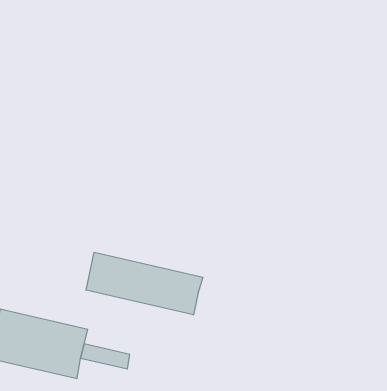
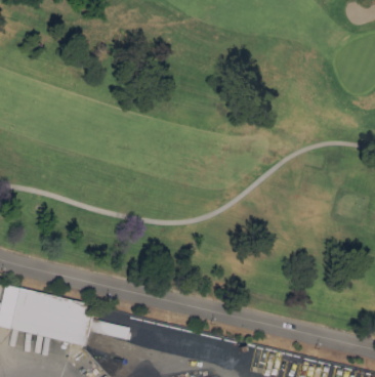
building: [86,252,203,315] -> none

